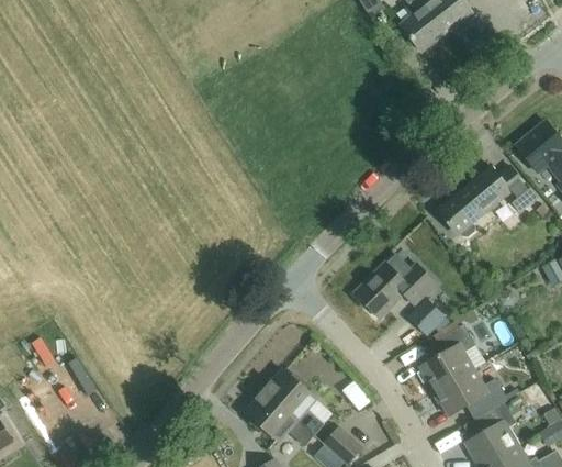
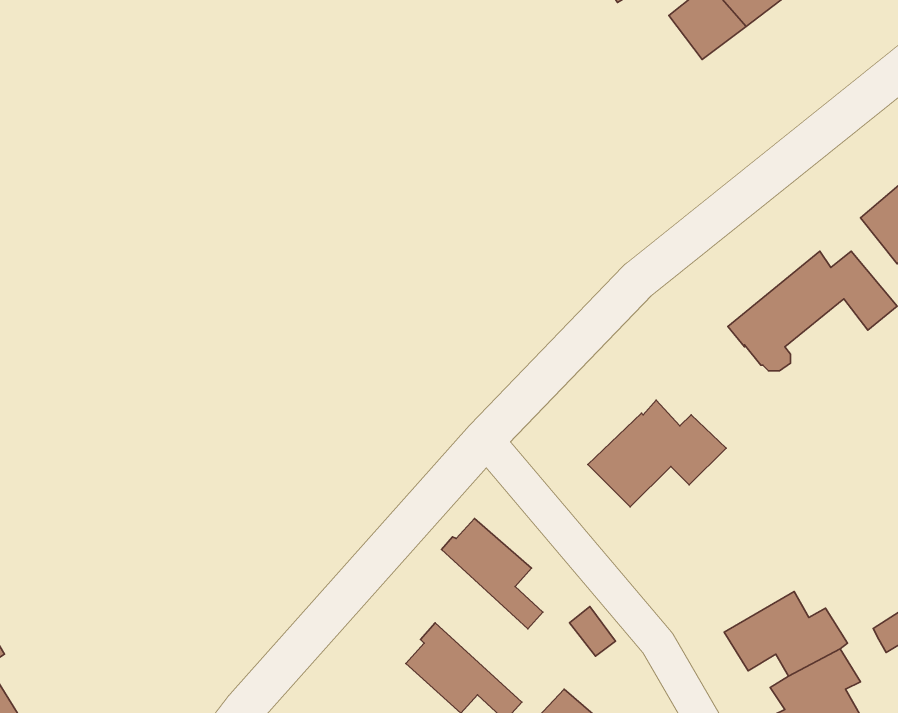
building: [406,298,447,337] -> none
building: [420,324,476,393] -> none
building: [262,369,323,435] -> [441,518,543,629]

